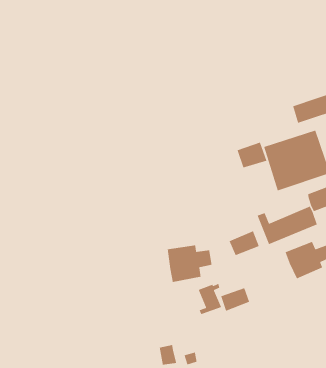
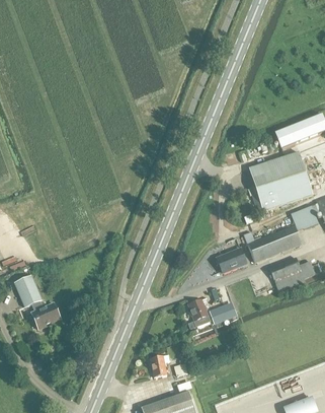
building: [237,142,268,168] -> none
building: [167,245,212,283] -> none
building: none -> [15,275,61,329]

